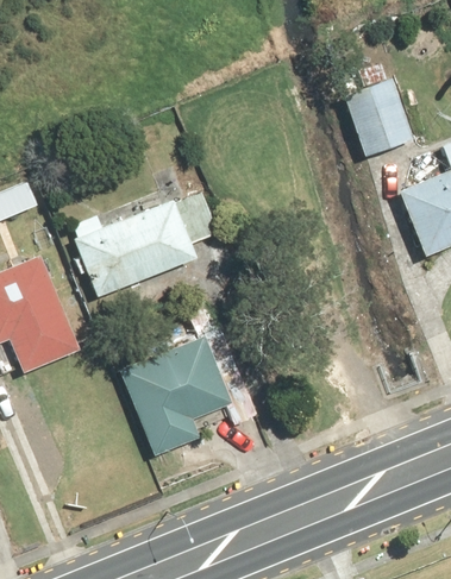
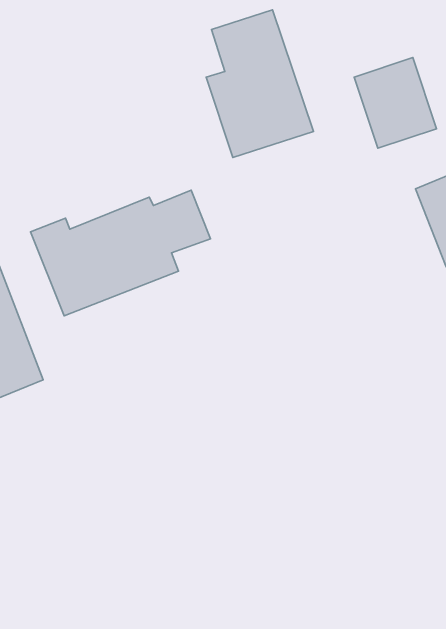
building: none -> [206,10,314,157]
building: [117,332,231,457] -> none

